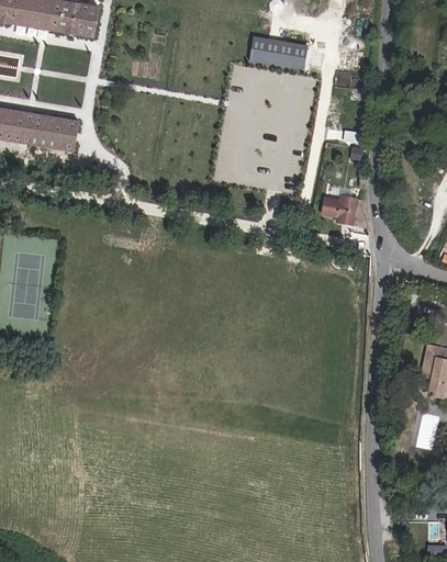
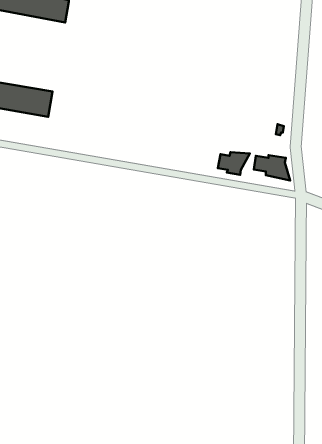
building: [248,35,309,68] -> none
building: none -> [218,152,250,175]

